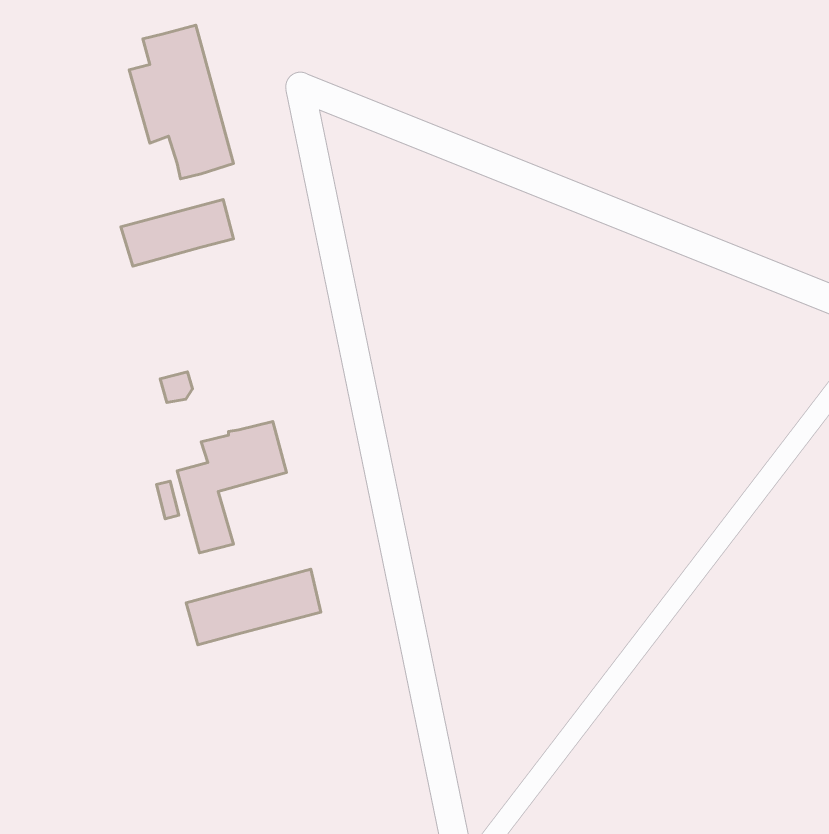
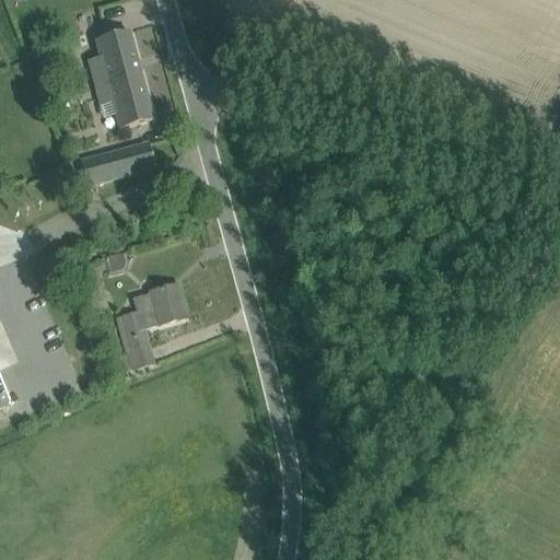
building: [186,569,321,645] -> none

